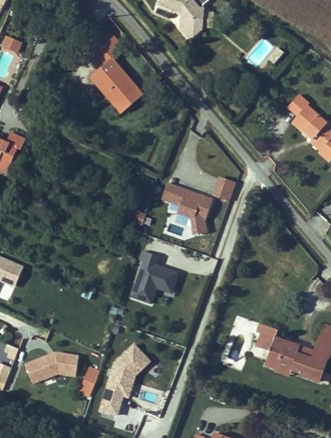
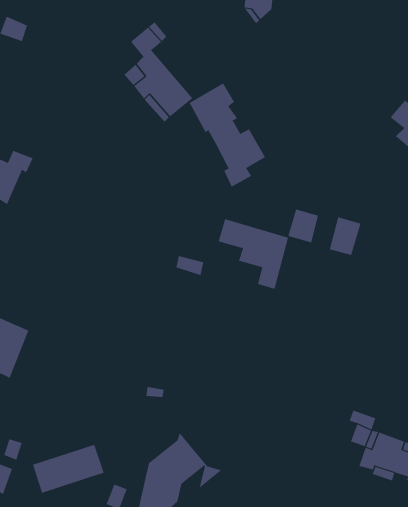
building: none -> [189,82,266,187]
building: none -> [329,217,361,256]
building: [128,249,180,303] -> none

